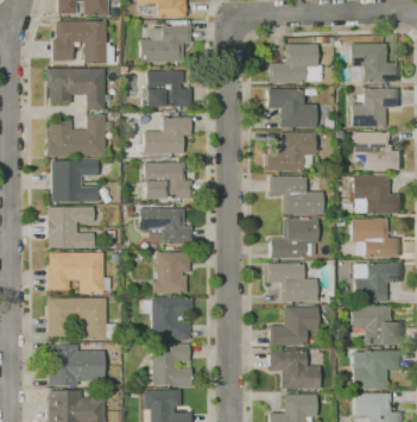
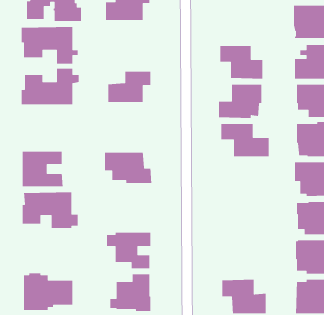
building: [267,44,322,83] -> none
building: [146,70,190,107] -> none
building: [51,160,97,201] -> none
building: [144,162,191,199] -> none
building: [270,216,318,258] -> none
building: [152,252,190,294] -> none
building: [266,263,317,301] -> none
building: [48,298,116,340] -> none
building: [268,307,318,346] -> none

